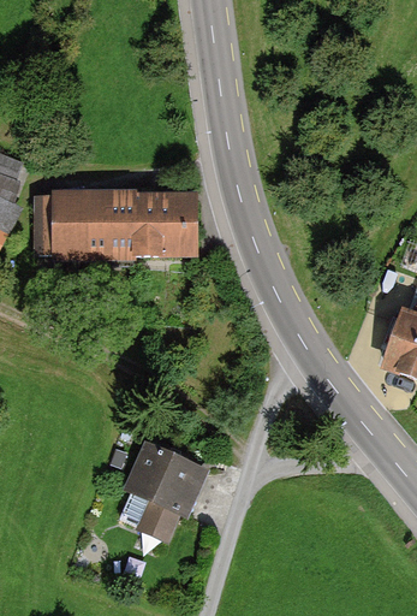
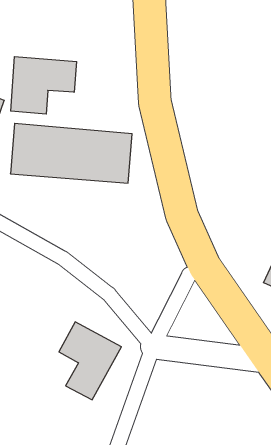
building: none -> [11,57,77,114]

